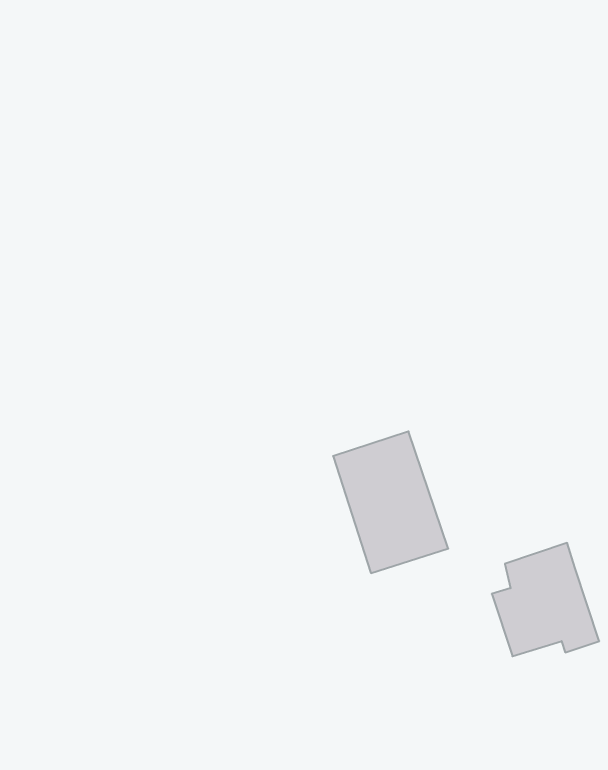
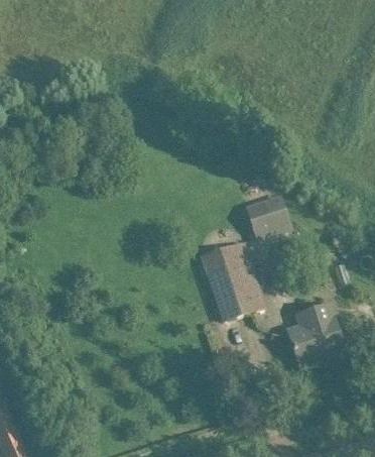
building: none -> [246,198,288,240]

